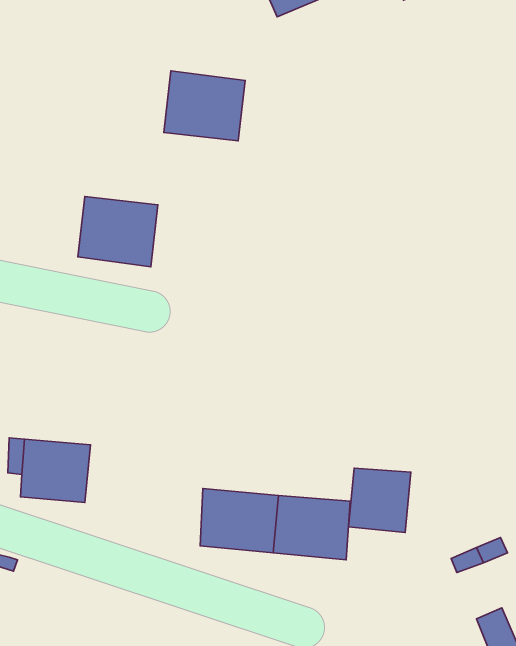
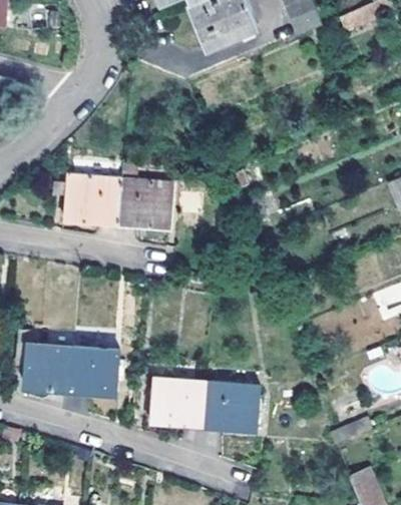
building: [164,71,245,141] -> [119,178,177,228]
building: none -> [72,350,121,394]
building: [348,468,411,532] -> none

